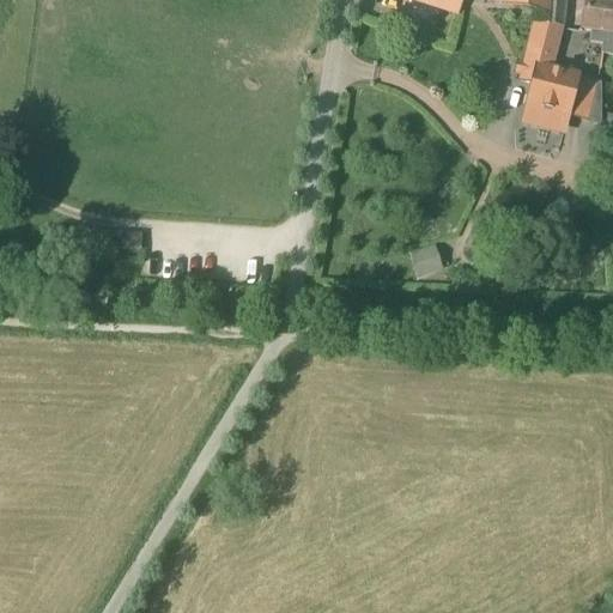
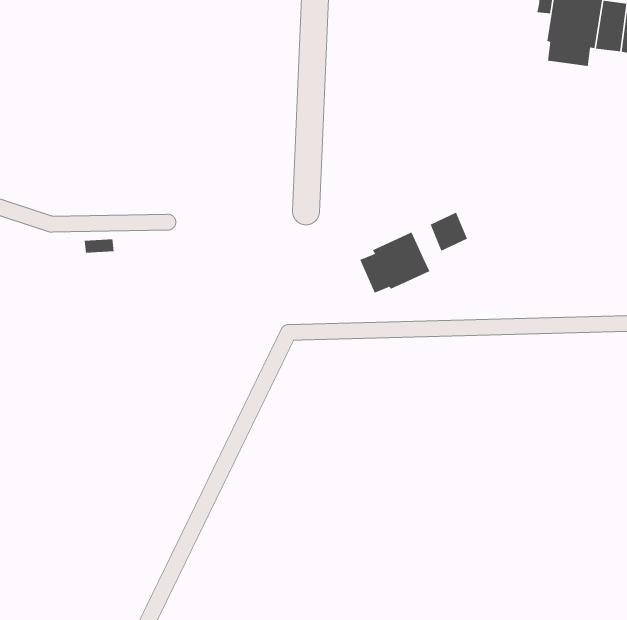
building: none -> [360,232,430,294]

